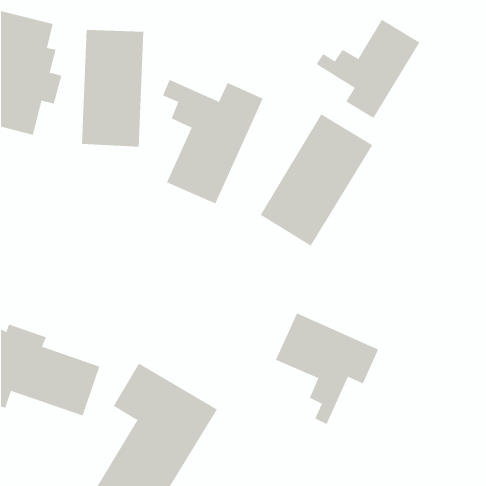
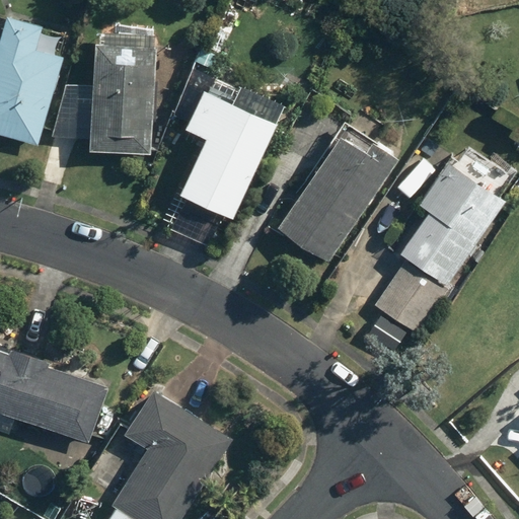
building: [316,19,420,119] -> none
building: none -> [375,161,503,343]
building: [275,313,379,425] -> none

